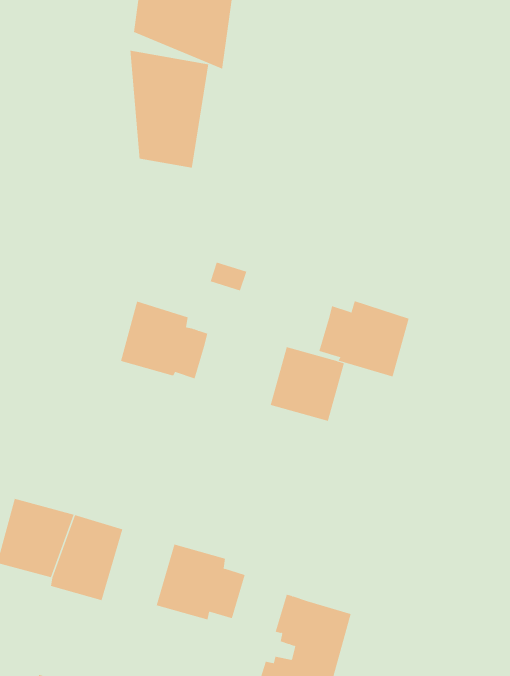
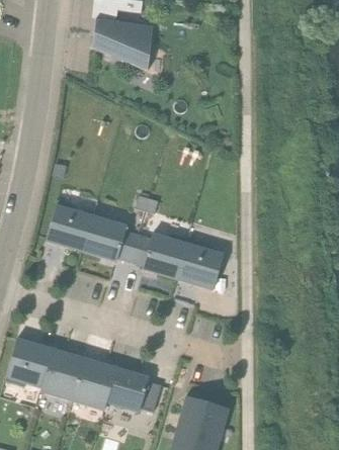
building: [130,50,209,169] -> none
building: none -> [46,203,93,252]
building: [318,301,410,377] -> [130,232,186,279]
building: none -> [72,356,116,410]

